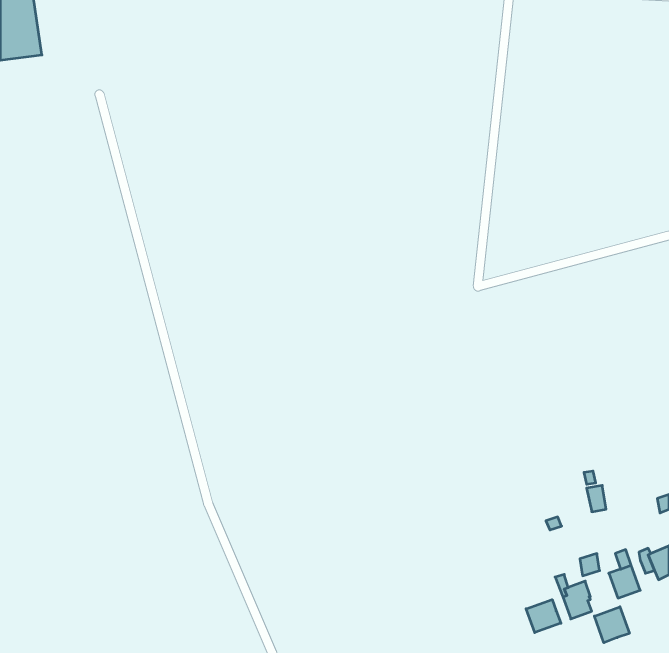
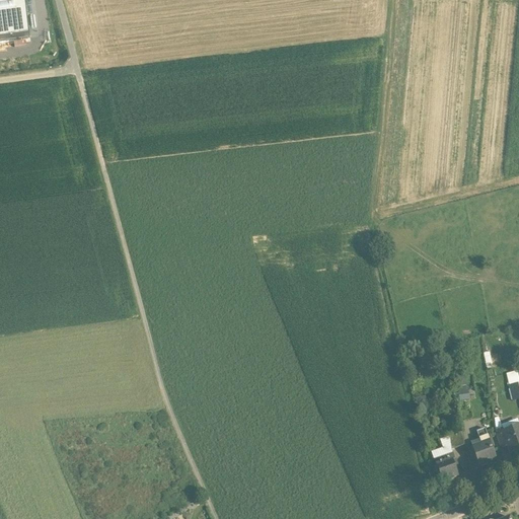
building: [526,600,561,633] -> none
building: [594,607,629,643] -> none

